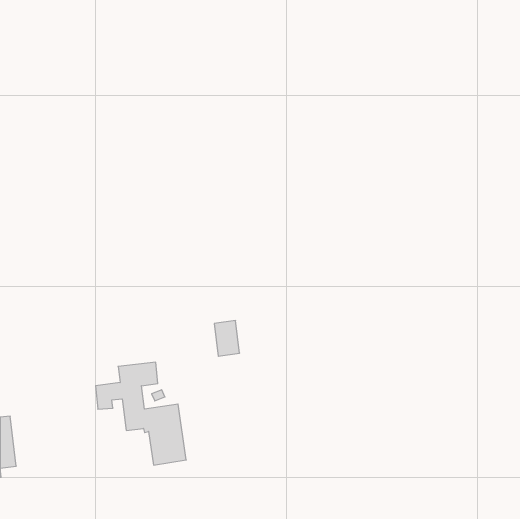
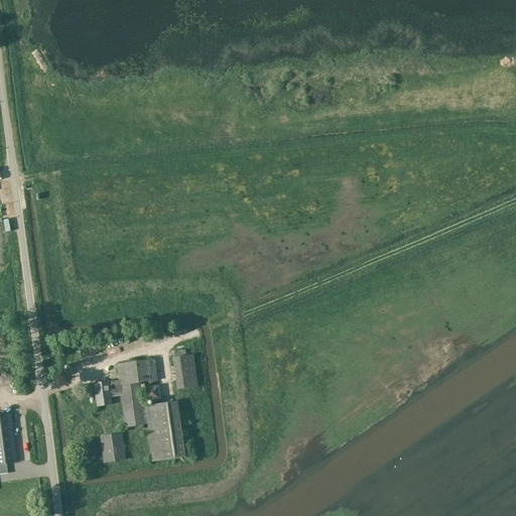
building: [214,321,240,356] -> [172,355,198,390]
building: none -> [102,433,125,461]

